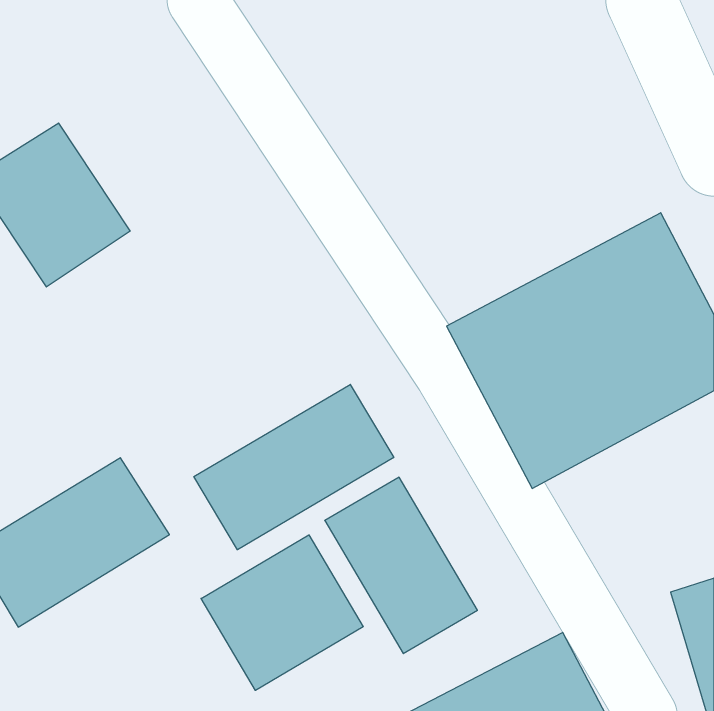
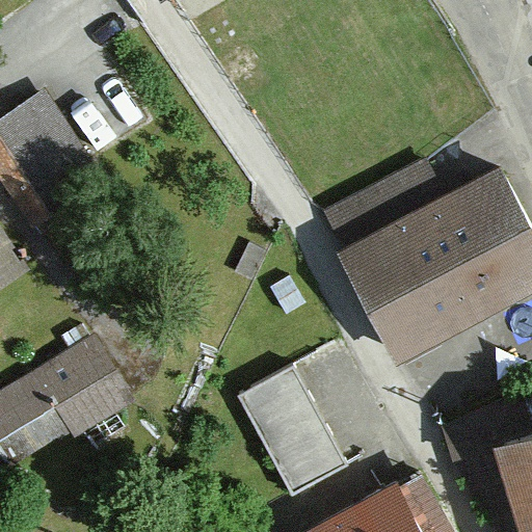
building: [194,384,394,550] -> none
building: [201,535,363,690] -> none

